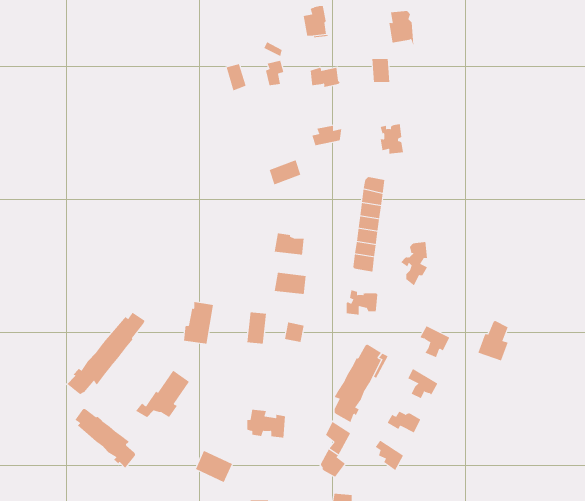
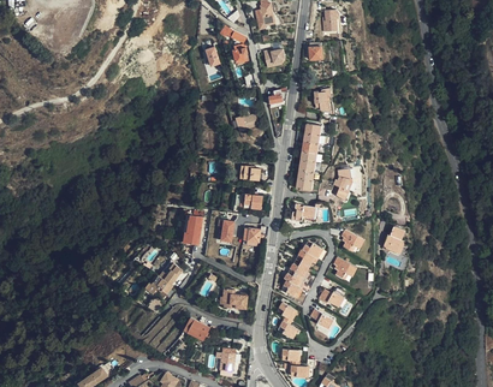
building: [67,312,145,395] -> none
building: [75,408,136,469] -> none

